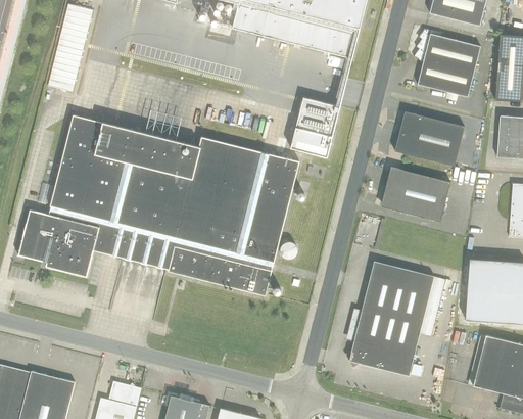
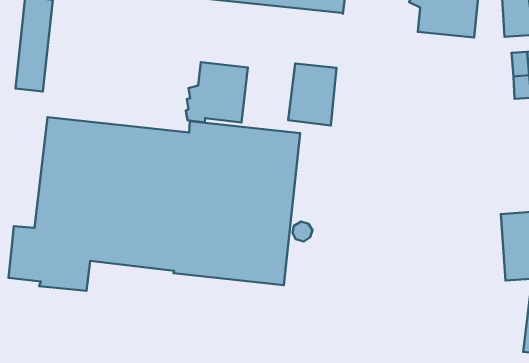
building: none -> [186,62,248,123]
building: [394,110,465,166] -> none
building: [381,166,450,221] -> none
building: [345,261,445,375] -> none

